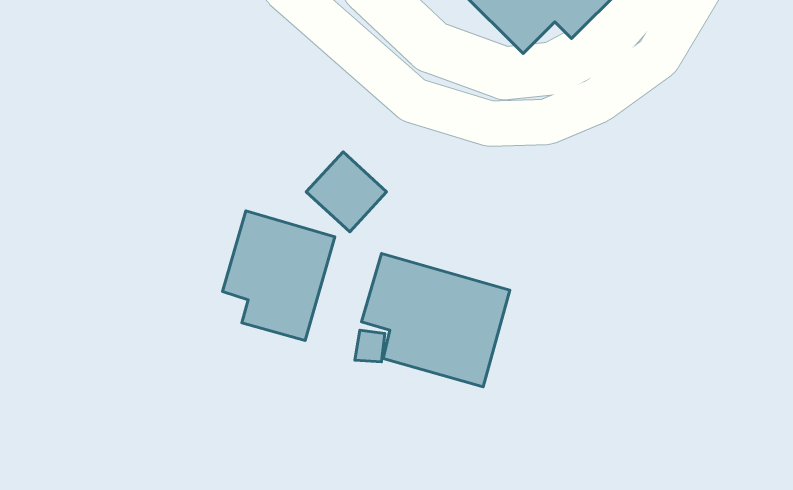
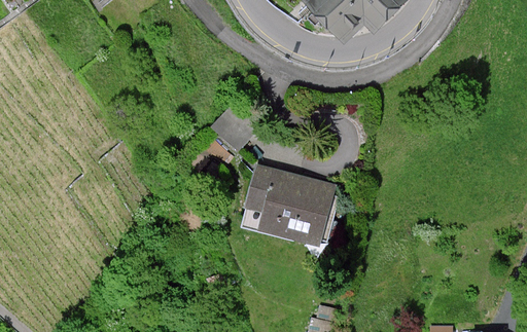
building: [223,211,335,341] -> none

